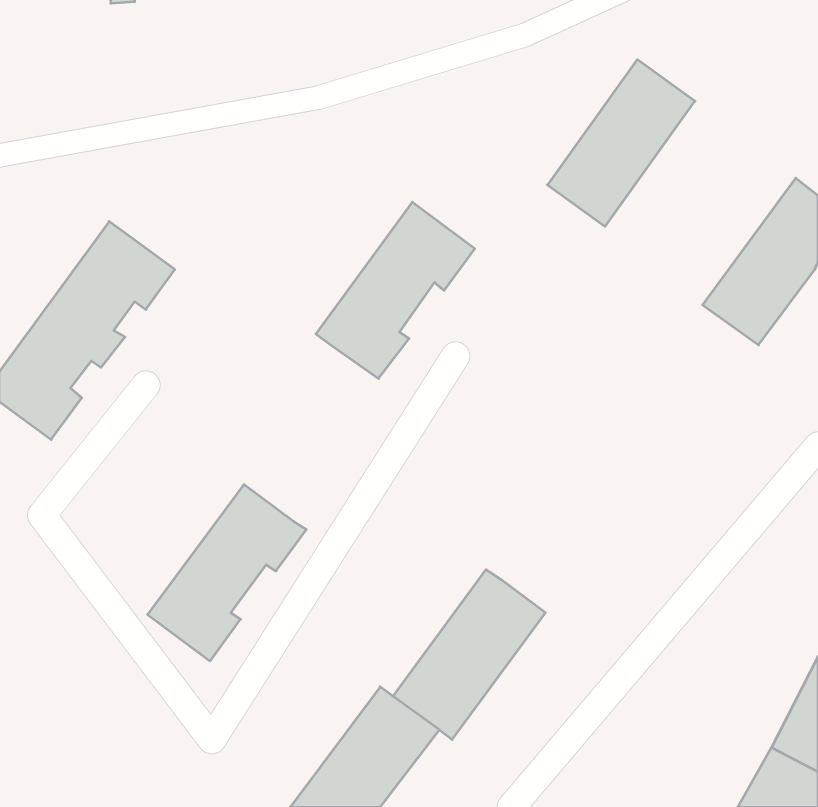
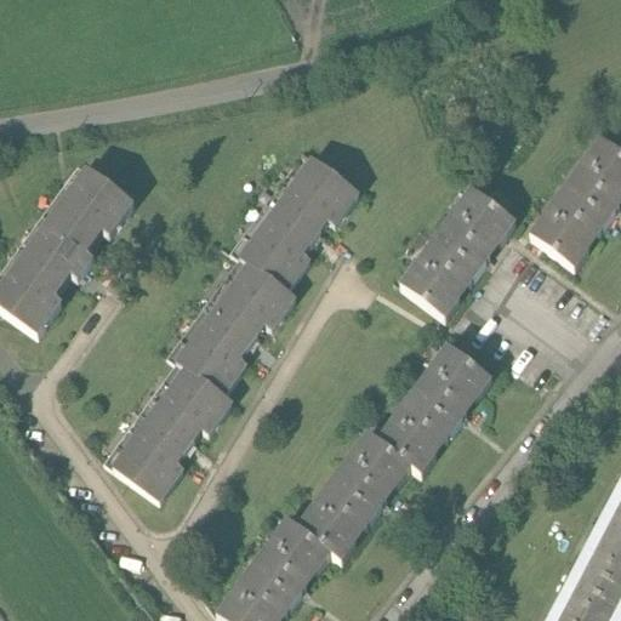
building: [547,60,695,226] -> [401,186,513,312]
building: none -> [175,260,296,394]
building: none -> [378,342,494,471]

